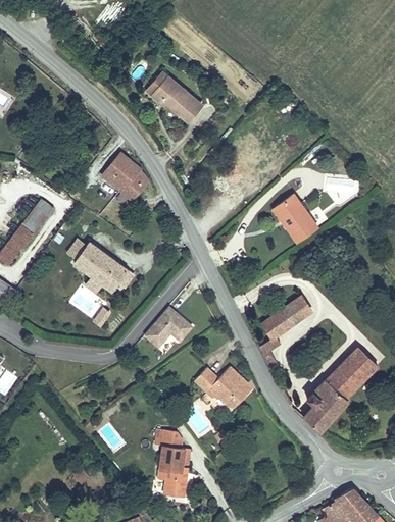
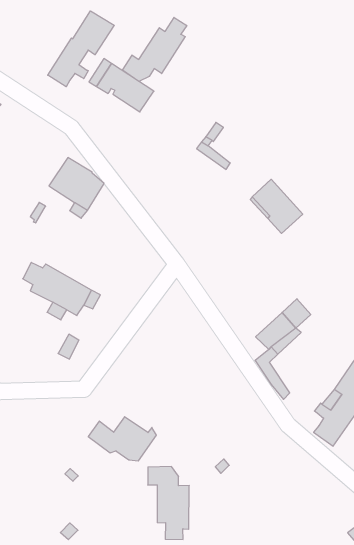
building: none -> [48,11,114,87]
building: none -> [122,17,187,81]
building: [144,307,192,347] -> none
building: [195,367,254,407] -> [88,417,156,461]

